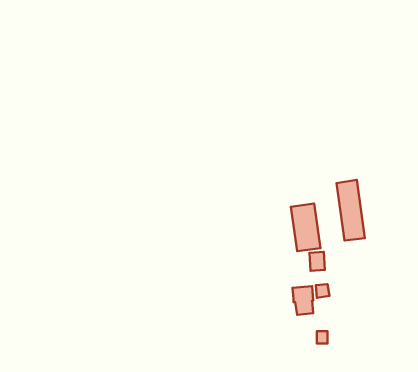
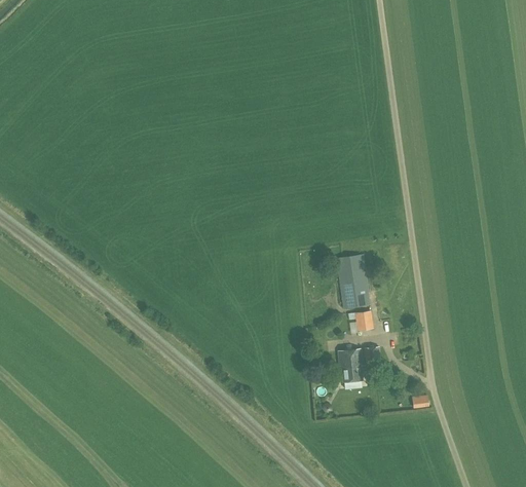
building: [337,180,365,240] -> none

